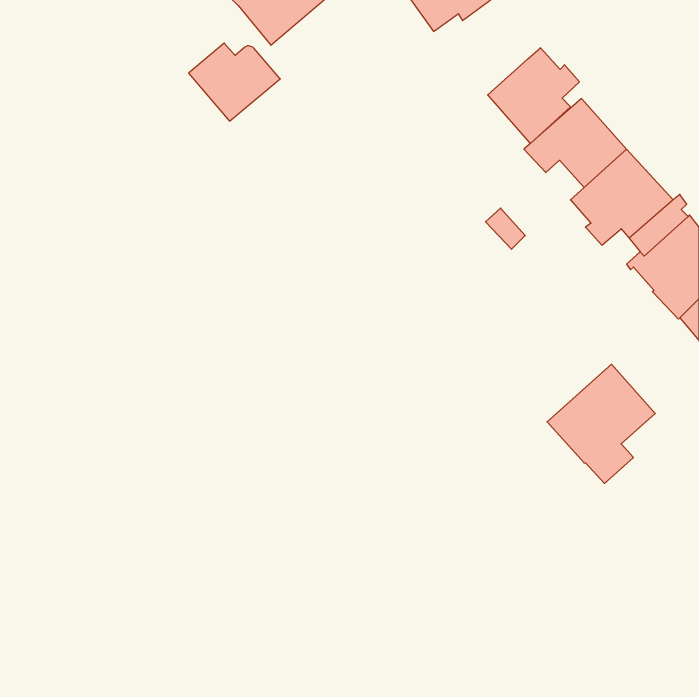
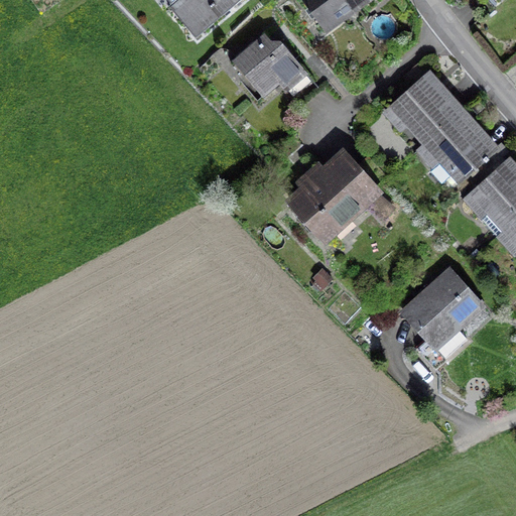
building: [189,43,280,121] -> [233,37,300,95]
building: [488,48,579,143] -> none
building: none -> [290,152,378,238]

